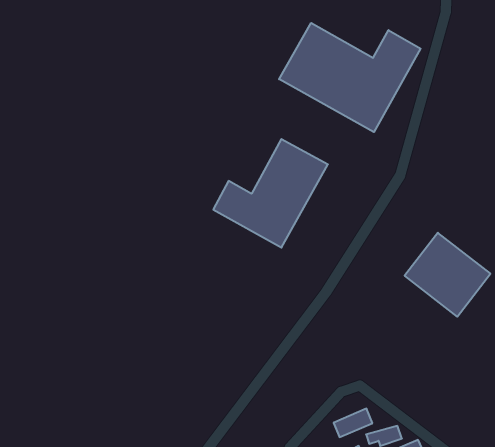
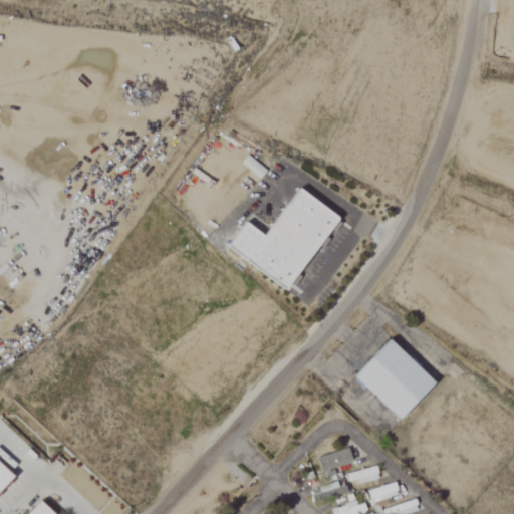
building: [279,23,421,132] -> none
building: [405,233,490,317] -> [354,339,435,420]

